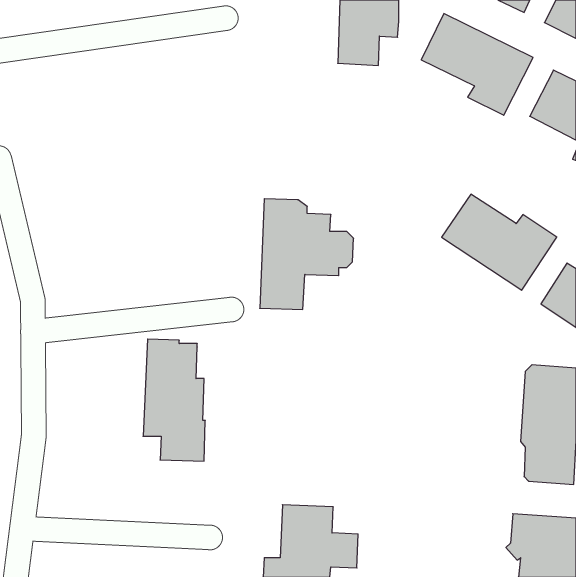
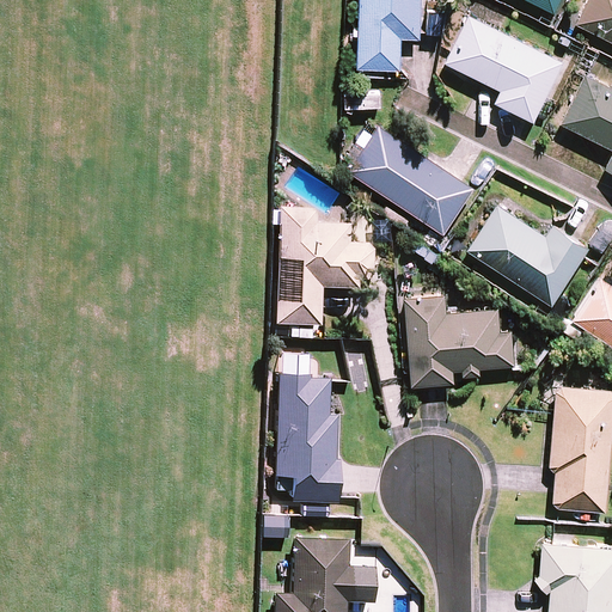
building: none -> [349,127,475,235]
building: none -> [404,295,516,388]
building: [143,339,205,461] -> [273,377,338,506]

